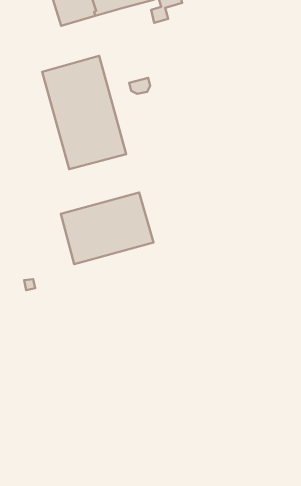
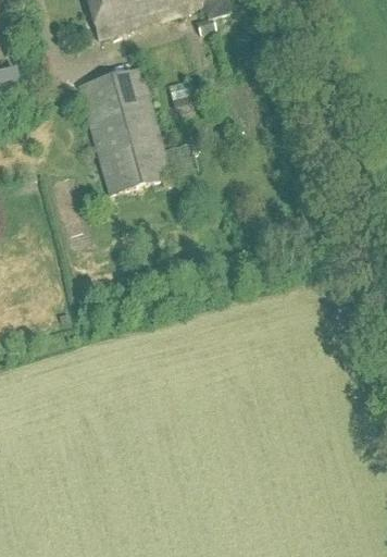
building: [61,193,153,264] -> none

